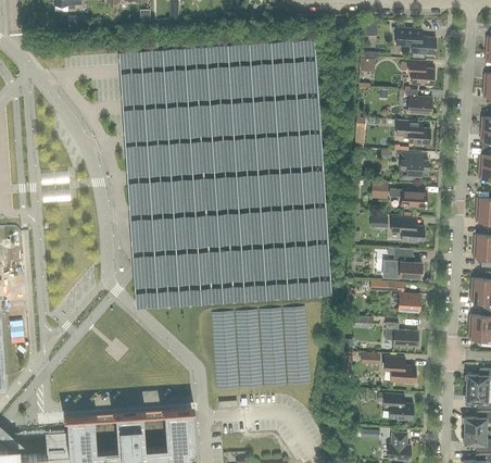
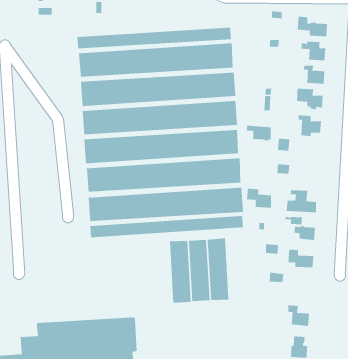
building: [393,188,426,208] -> [246,125,271,141]
building: [391,216,424,241] -> [246,188,272,208]
building: [211,312,239,391] -> none
building: [385,355,416,384] -> none

